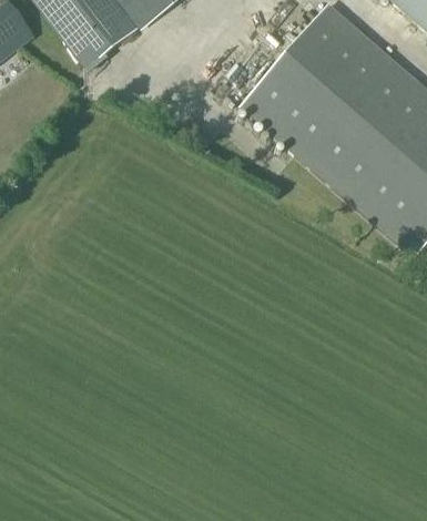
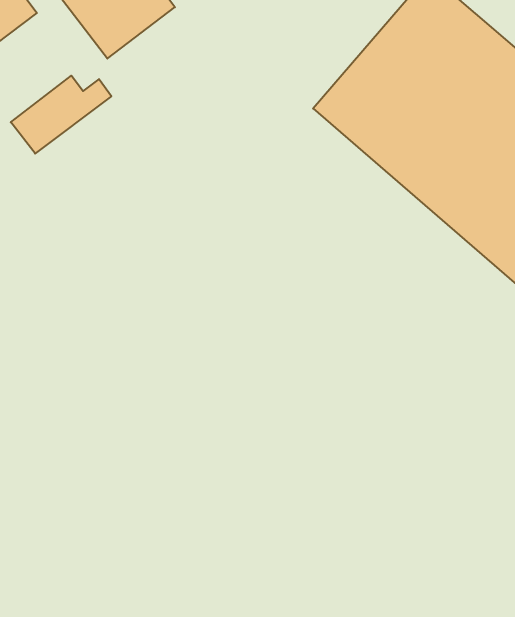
building: none -> [11,76,111,154]

